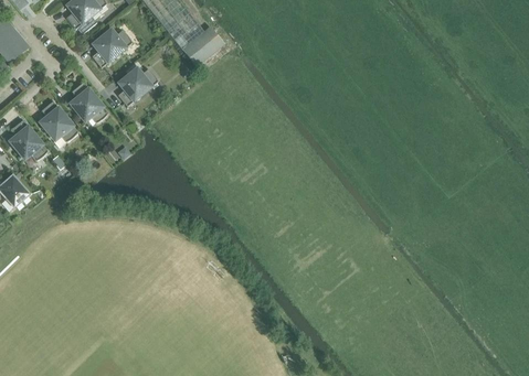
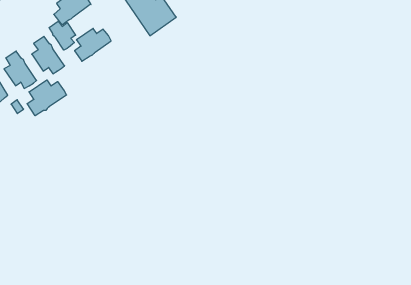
building: none -> [49,21,76,50]
building: none -> [27,80,67,116]

